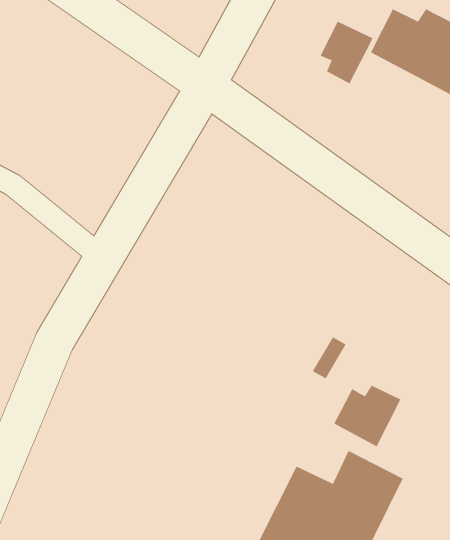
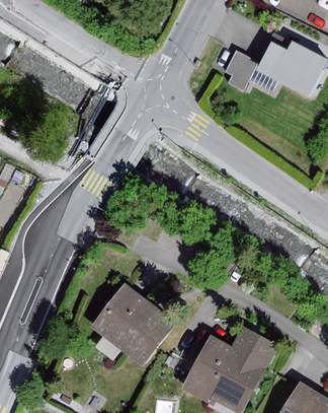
building: [333,385,401,447] -> none
building: none -> [91,284,174,366]

